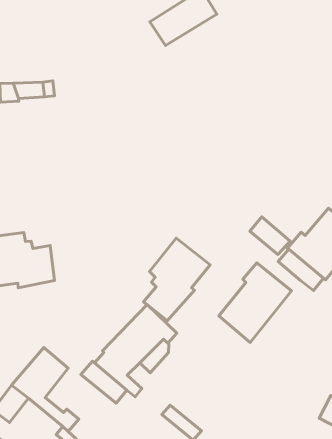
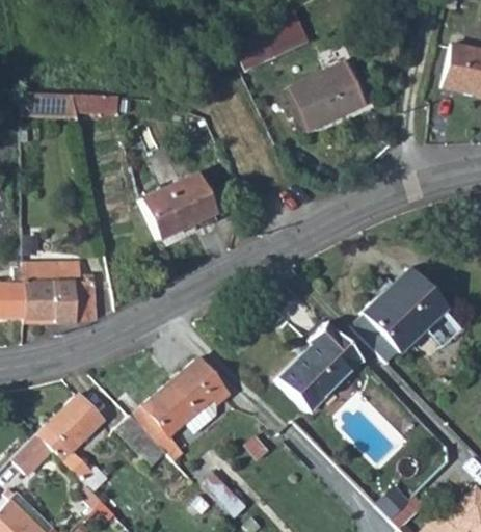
building: none -> [291,62,366,130]
building: none -> [141,174,217,239]
building: [250,217,290,254] -> none
building: [144,238,210,321] -> none

